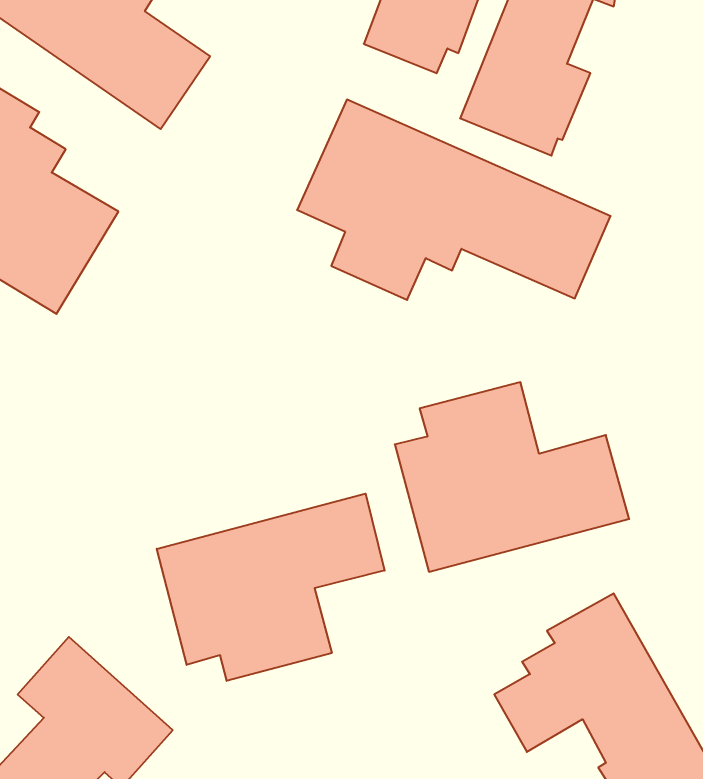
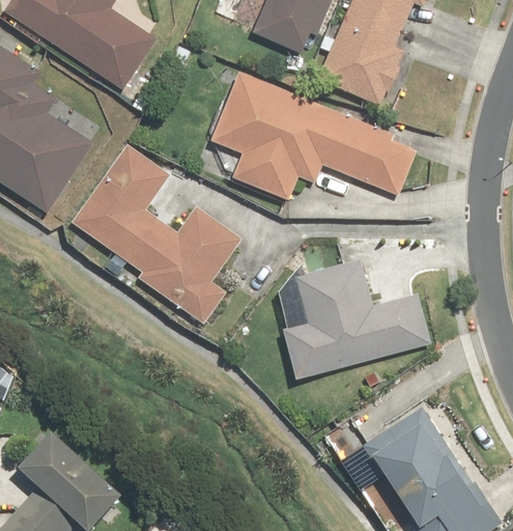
building: none -> [73,140,237,327]
building: [157,494,385,681] -> none

